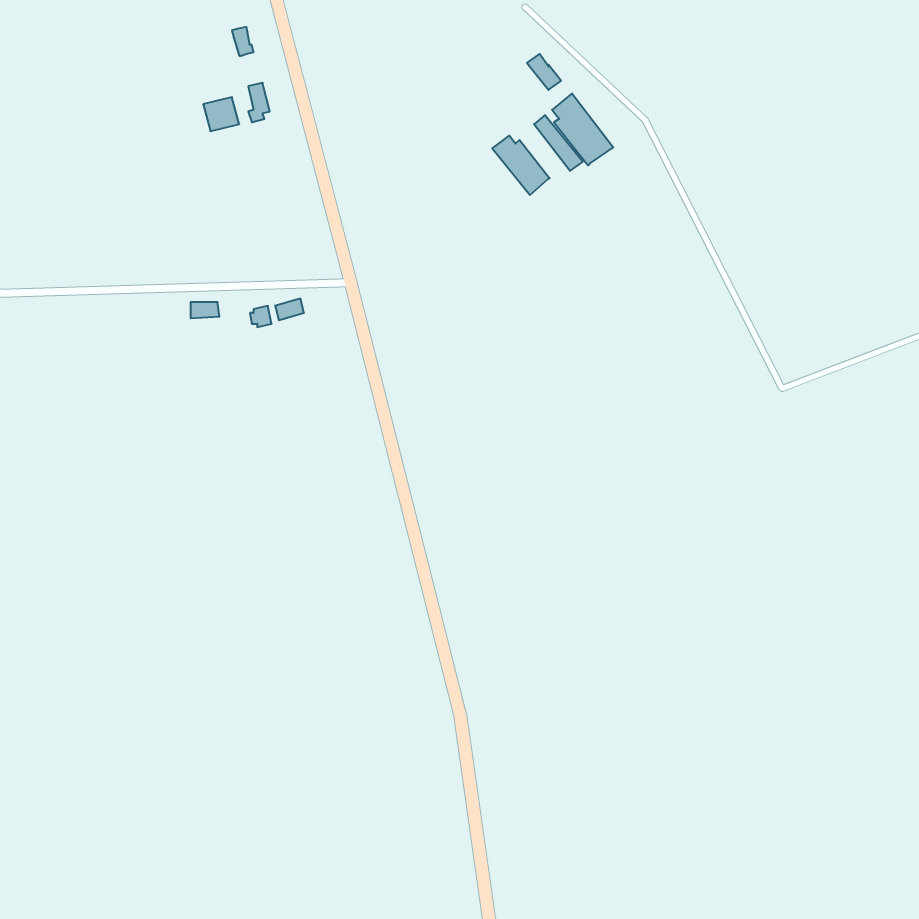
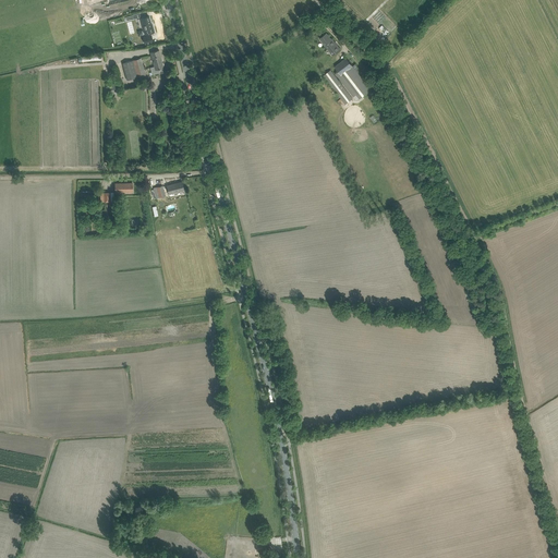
building: [492,136,550,195] -> none

